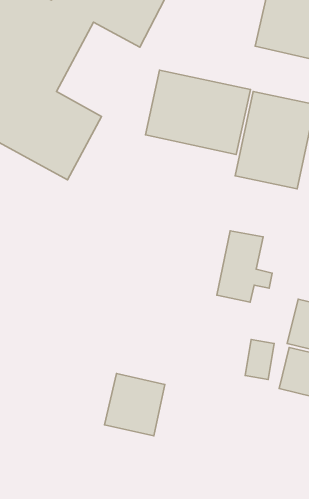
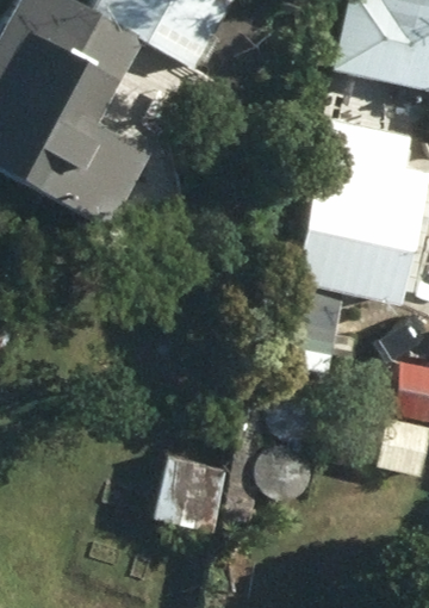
building: [145,70,250,154] -> none

